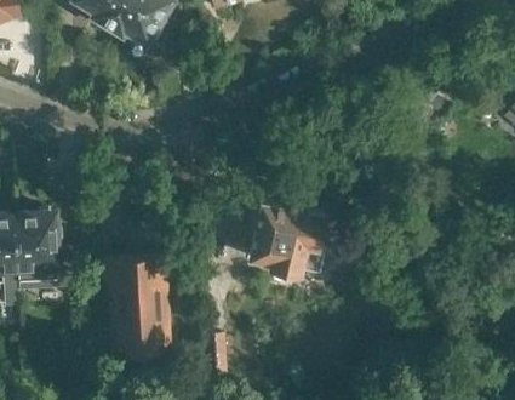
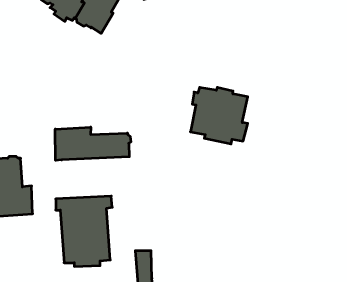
building: none -> [55,127,131,160]
building: [250,201,325,275] -> [190,87,248,144]

